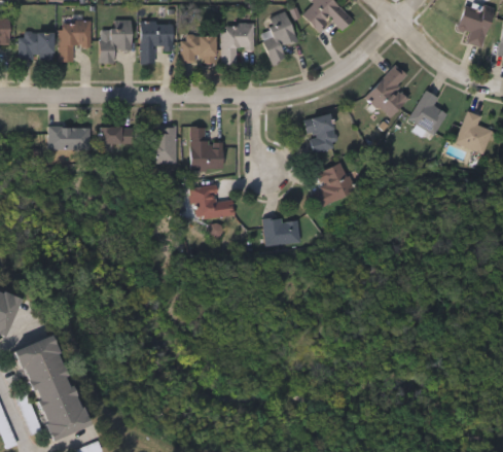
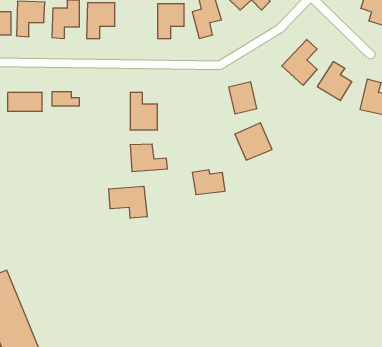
building: [182,36,216,63] -> none
building: [148,127,176,163] -> none
building: none -> [109,186,147,218]

